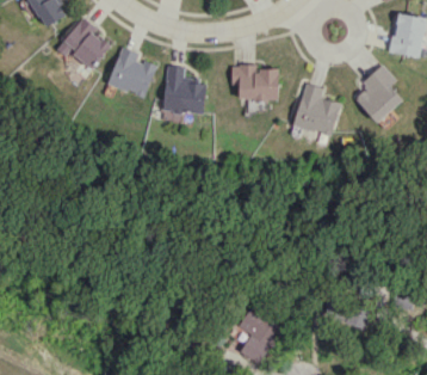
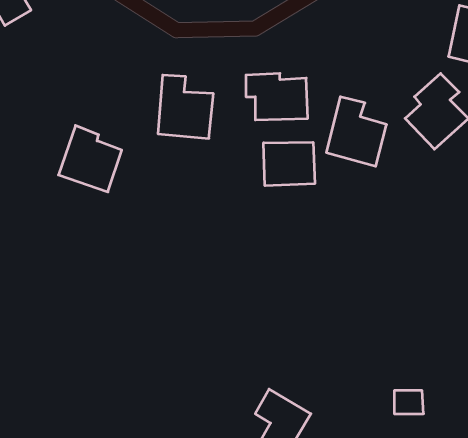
building: [57,17,112,70] -> none
building: [107,47,156,98] -> [58,125,122,192]
building: none -> [264,142,315,186]

